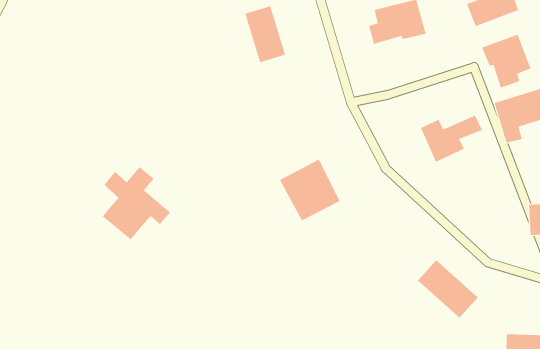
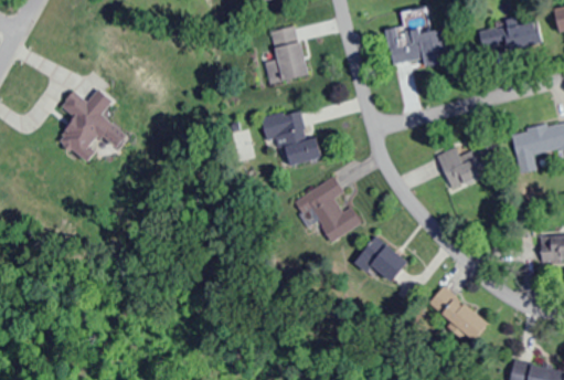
building: [482,34,531,88] -> none
building: none -> [270,110,315,166]
building: [102,166,171,240] -> [57,88,126,161]
building: none -> [359,236,411,287]

